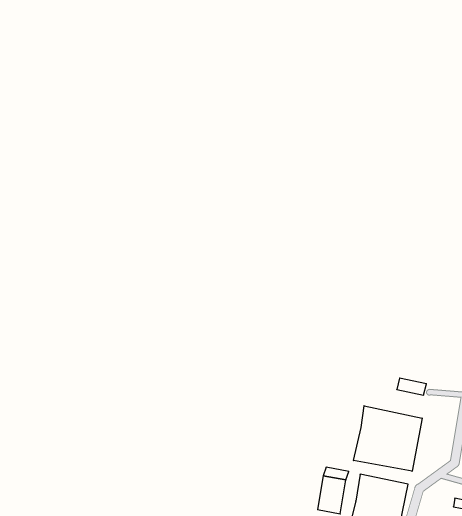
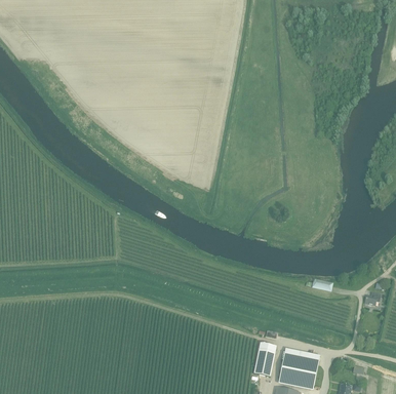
building: [354,406,422,471] -> none

